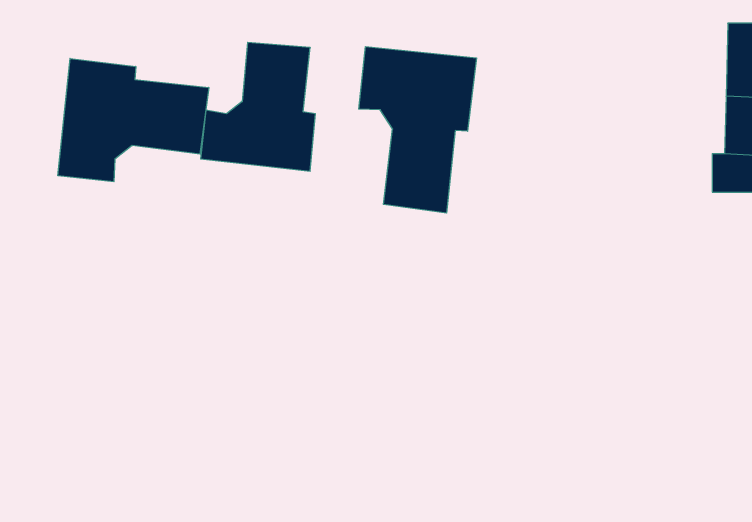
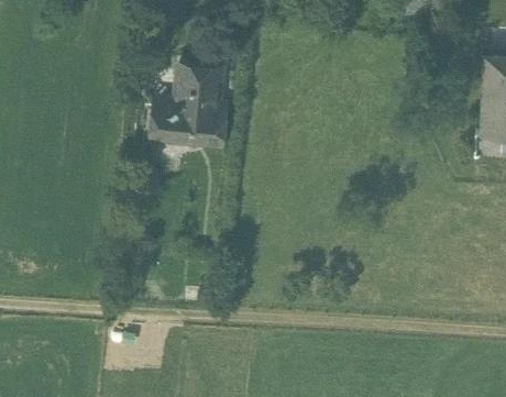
building: [359,47,476,213] -> none
building: [58,58,209,182] -> none

